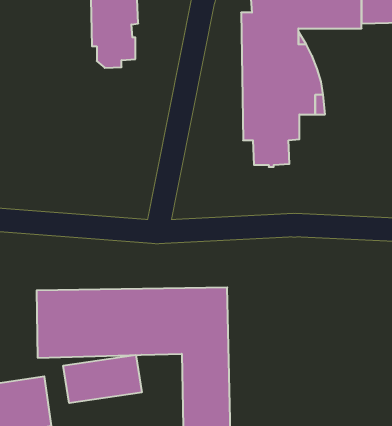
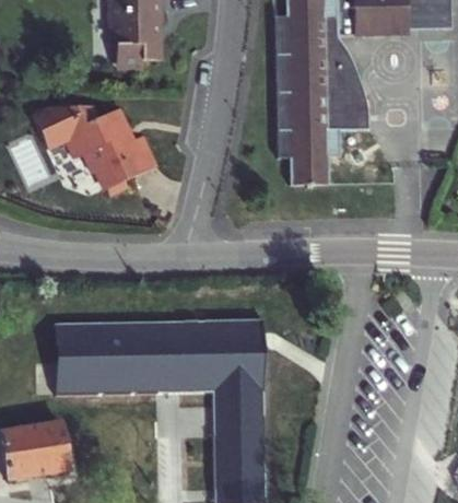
building: none -> [27,113,157,198]
building: [63,355,142,403] -> none

